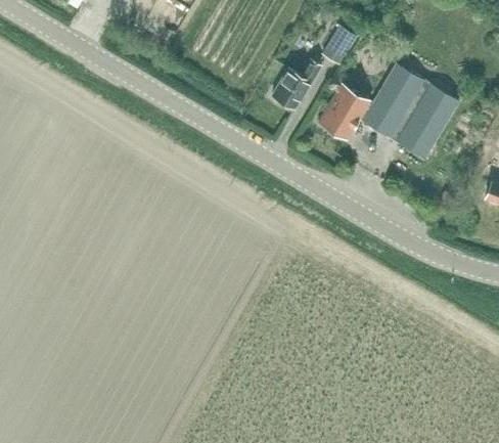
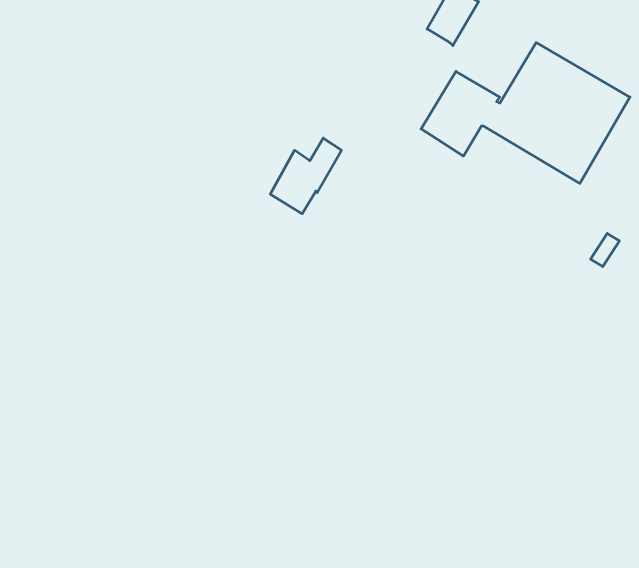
building: [273,58,321,109] -> [270,138,341,214]

